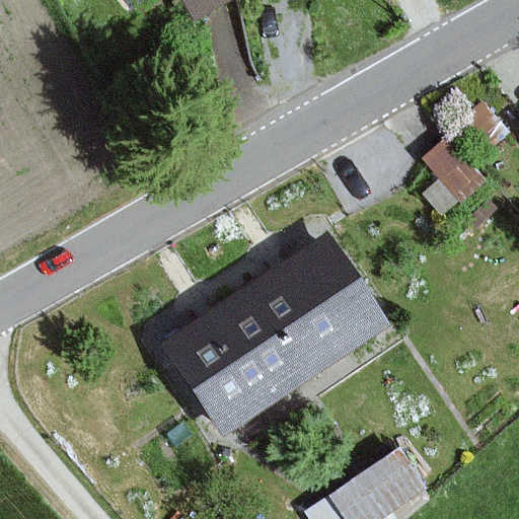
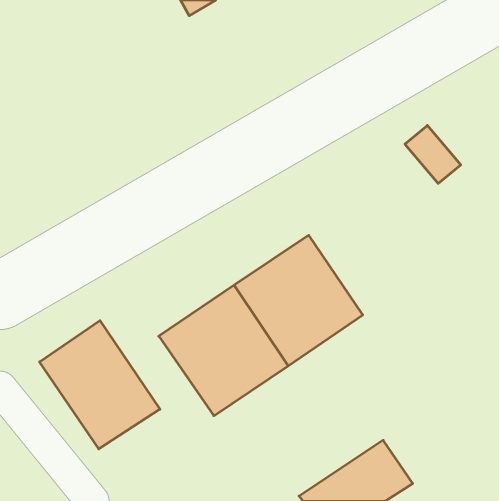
building: none -> [40,321,160,449]

